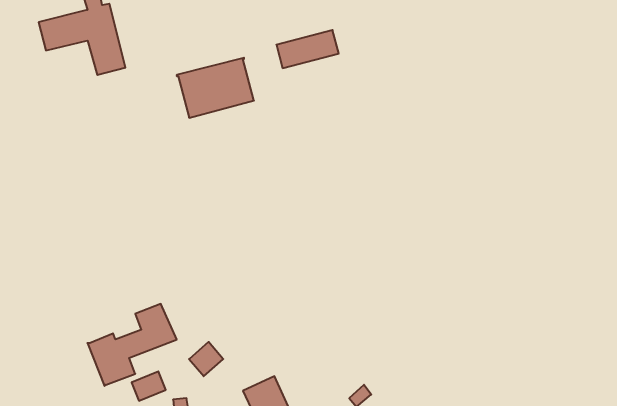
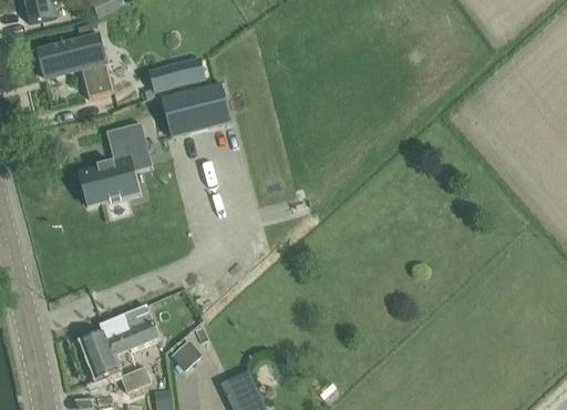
building: [276,30,339,68] -> [148,58,205,92]
building: none -> [78,122,146,205]

